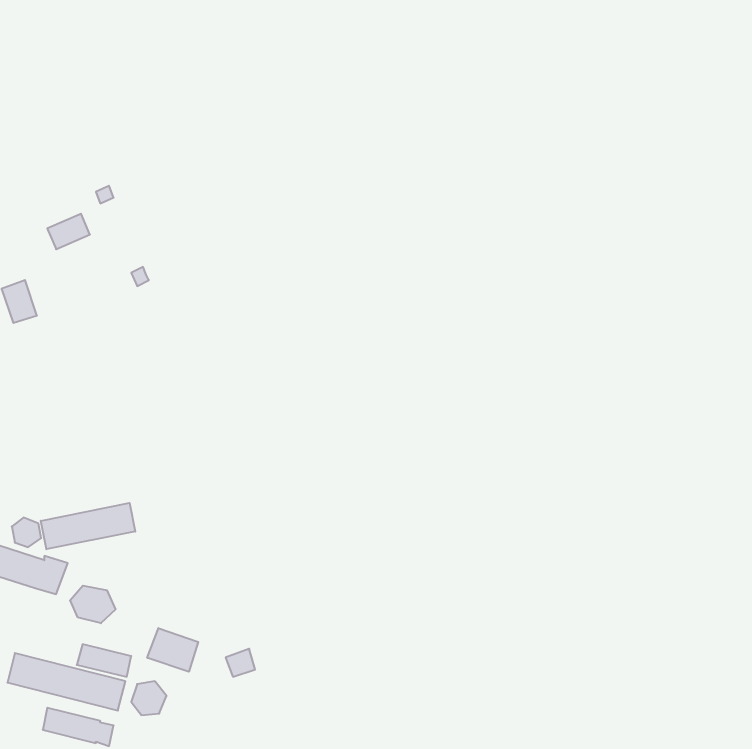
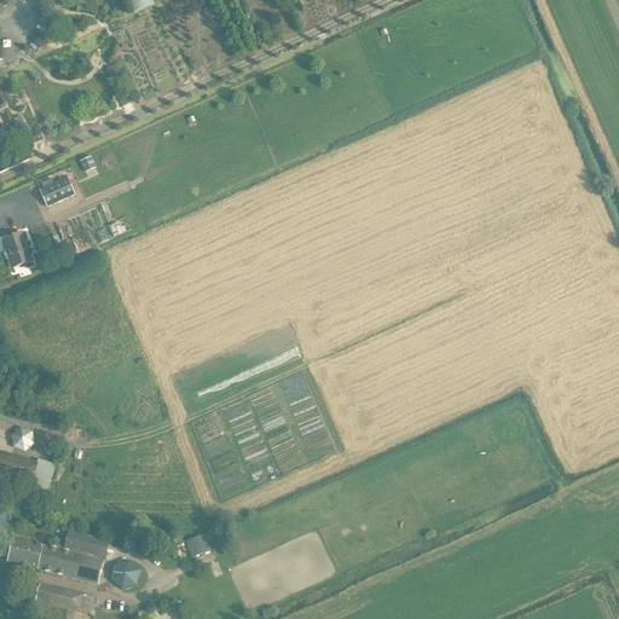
building: [41,503,135,549] -> none
building: [70,586,115,623] -> none
building: [147,628,198,672] -> none

